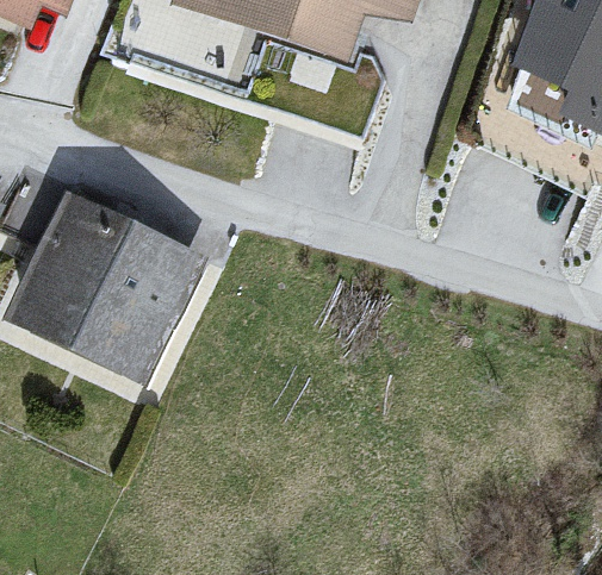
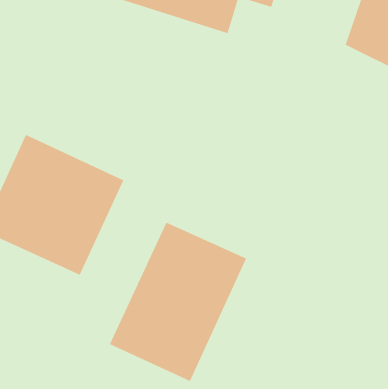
building: none -> [109,222,247,382]

